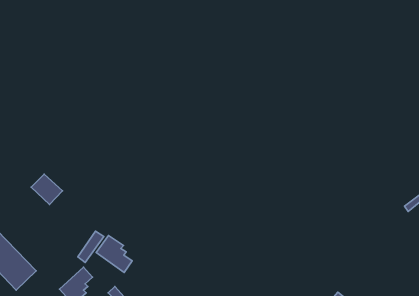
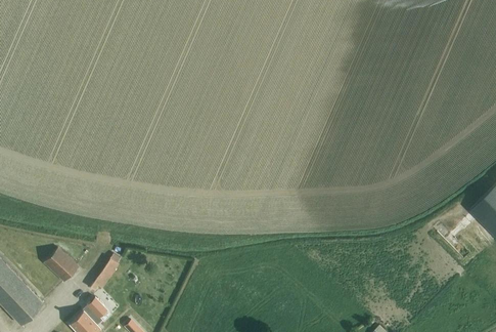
building: [31,174,62,205] -> [43,248,78,282]
building: [96,235,132,272] -> none

